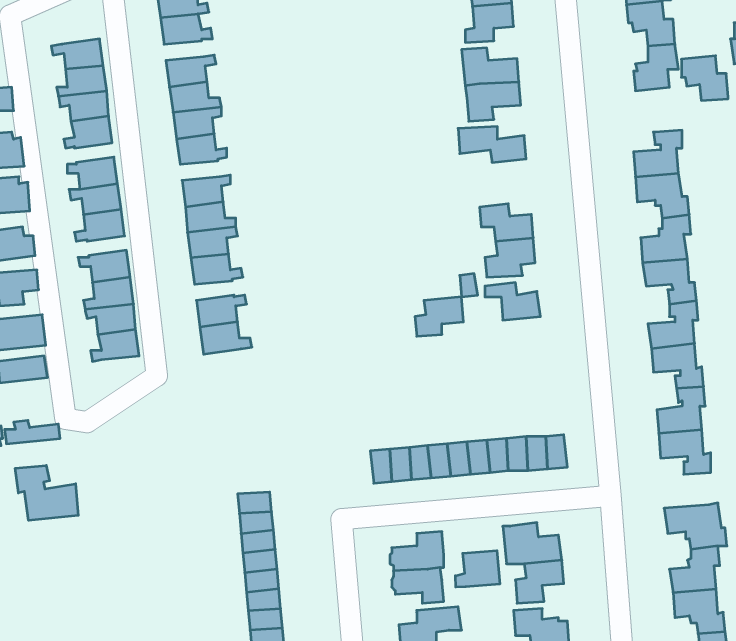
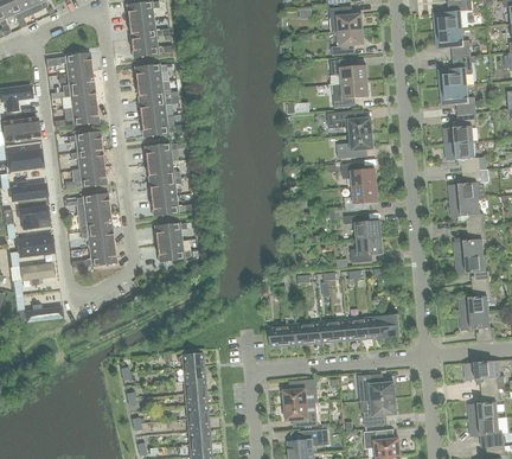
building: [681,56,728,100] -> [443,84,474,114]
building: none -> [335,132,372,158]
building: [415,297,463,336] -> [350,236,382,262]
building: [15,465,78,520] -> none
building: [455,551,500,587] -> none

